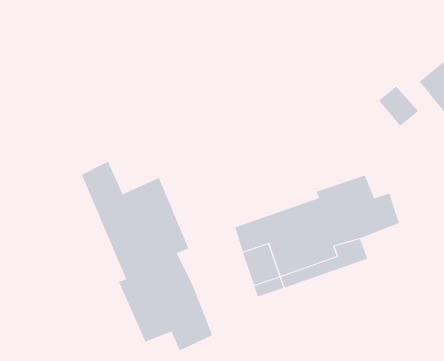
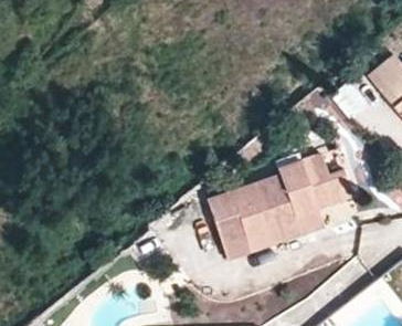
building: [81,161,213,351] -> none

